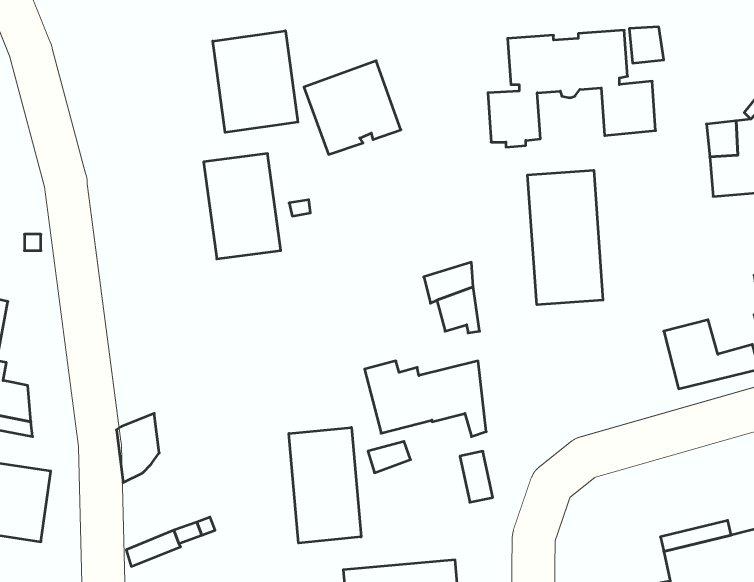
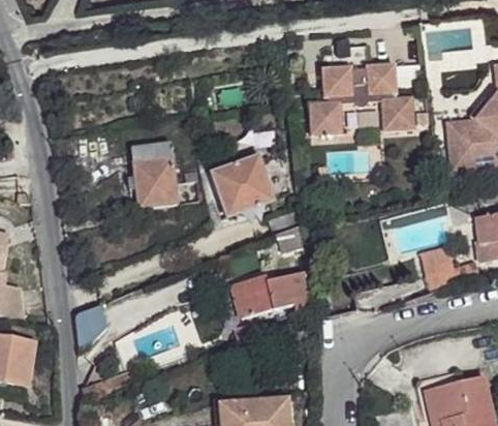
building: [213,31,298,132] -> none
building: [304,61,401,154] -> [212,155,273,214]
building: [528,170,603,305] -> none
building: [289,427,361,543] -> none

